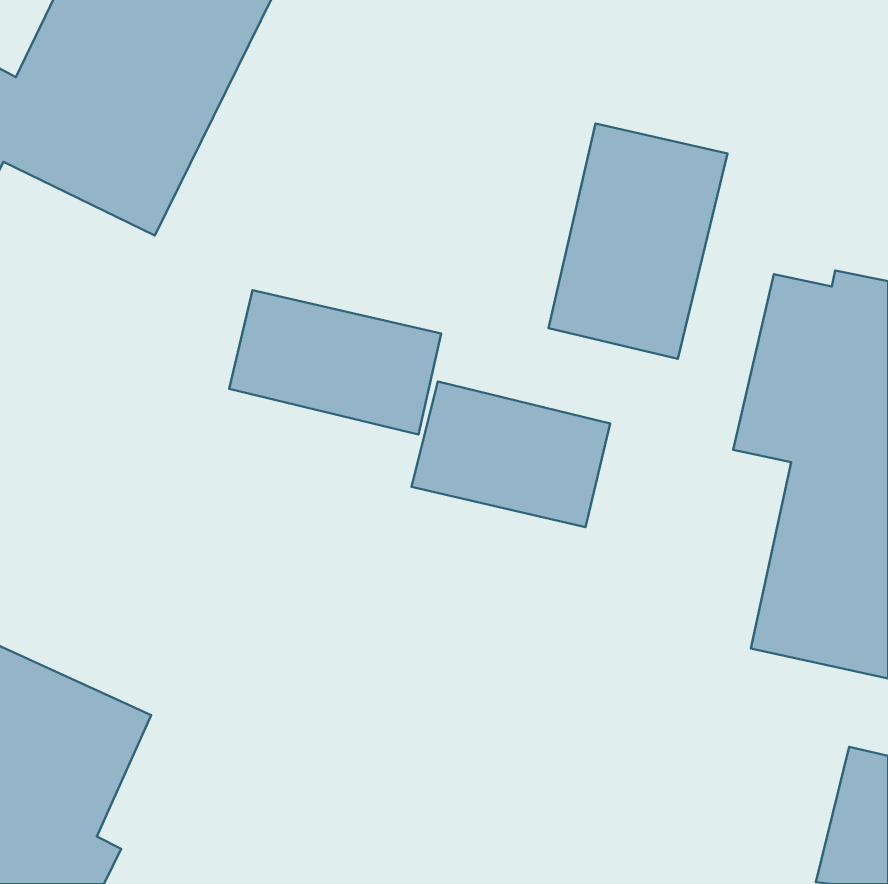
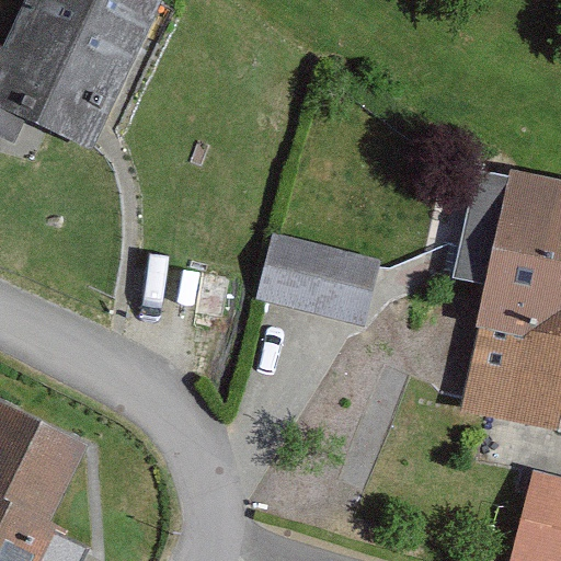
building: [549,124,728,359] -> none
building: [229,290,441,435] -> none

